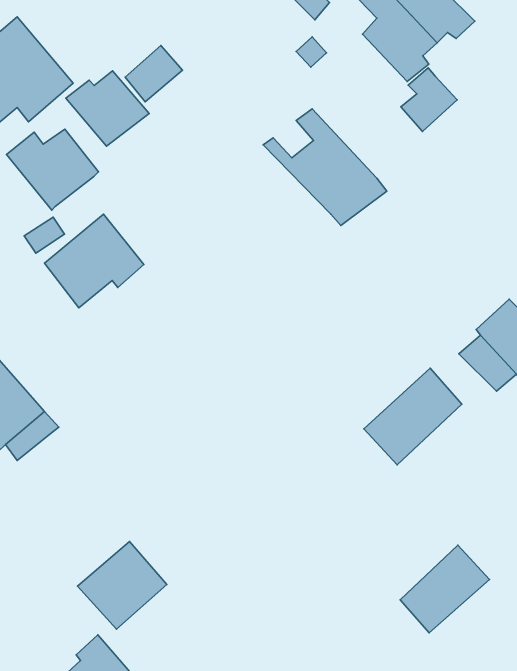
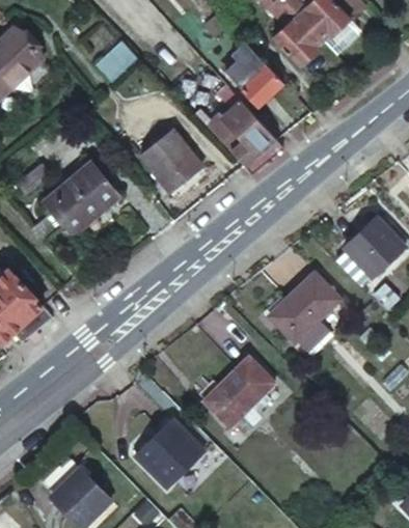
building: [401,68,457,131] -> [242,60,282,106]
building: [66,71,149,146] -> none
building: [6,129,99,210] -> none
building: none -> [138,132,198,193]
building: [78,541,167,629] -> [135,421,199,484]
building: [400,545,490,633] -> [211,361,275,424]

